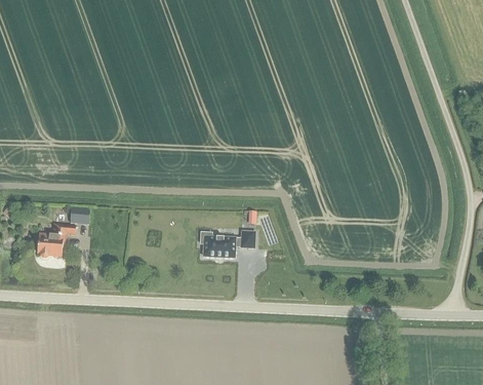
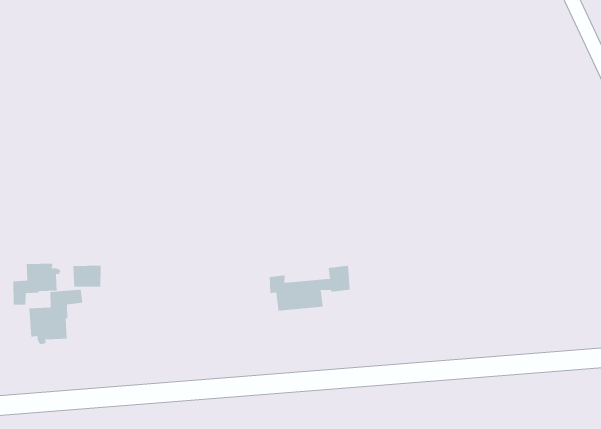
building: none -> [13,263,61,306]

